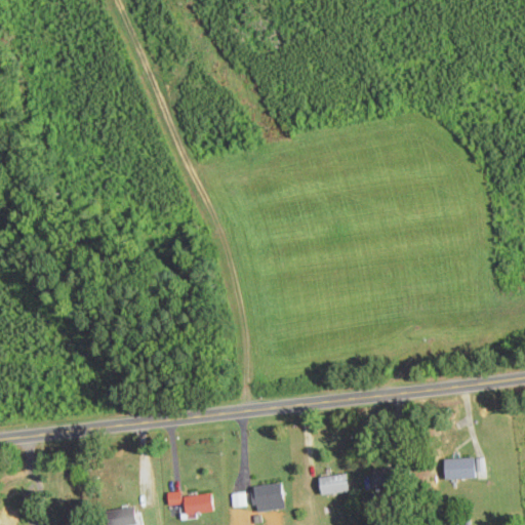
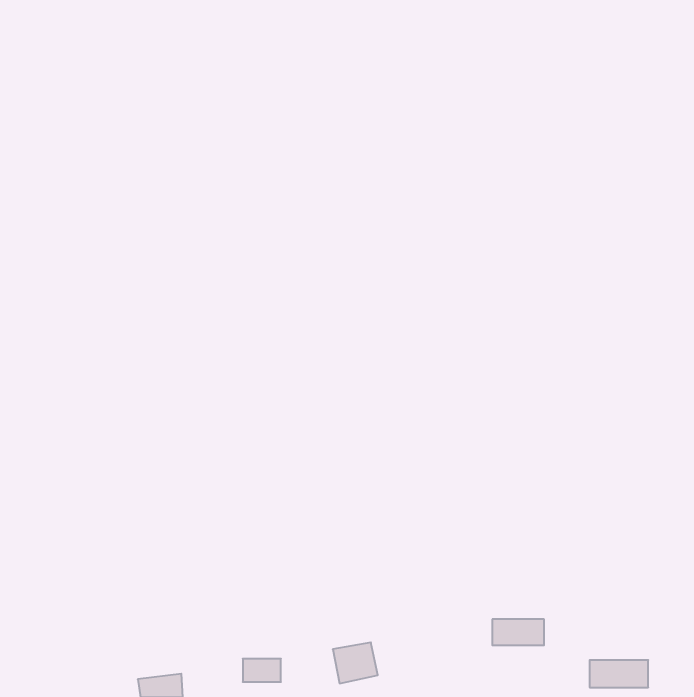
building: [442,458,486,479] -> [590,660,648,687]
building: [317,474,348,495] -> none

